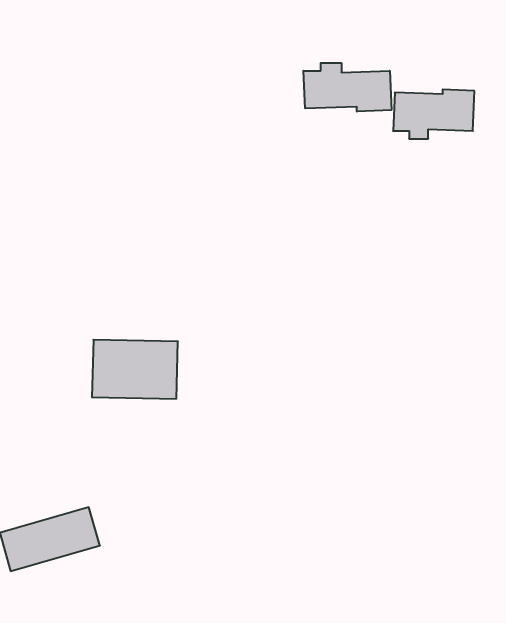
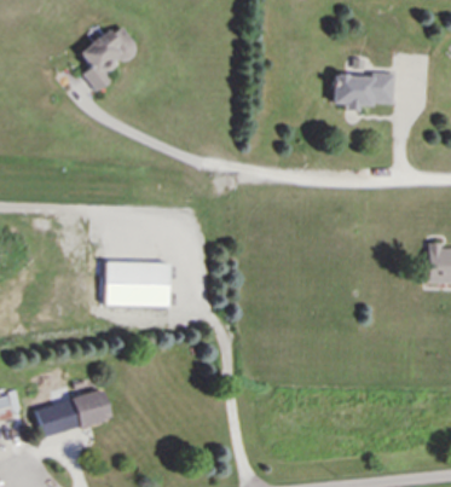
building: none -> [79,22,138,91]
building: [303,63,391,112] -> none

